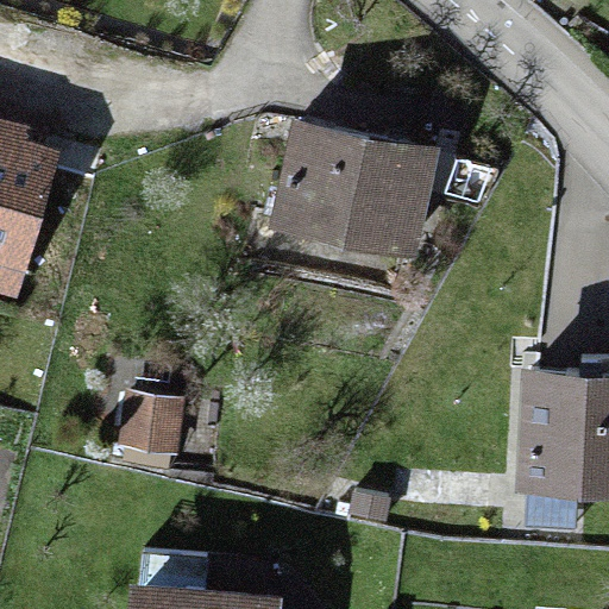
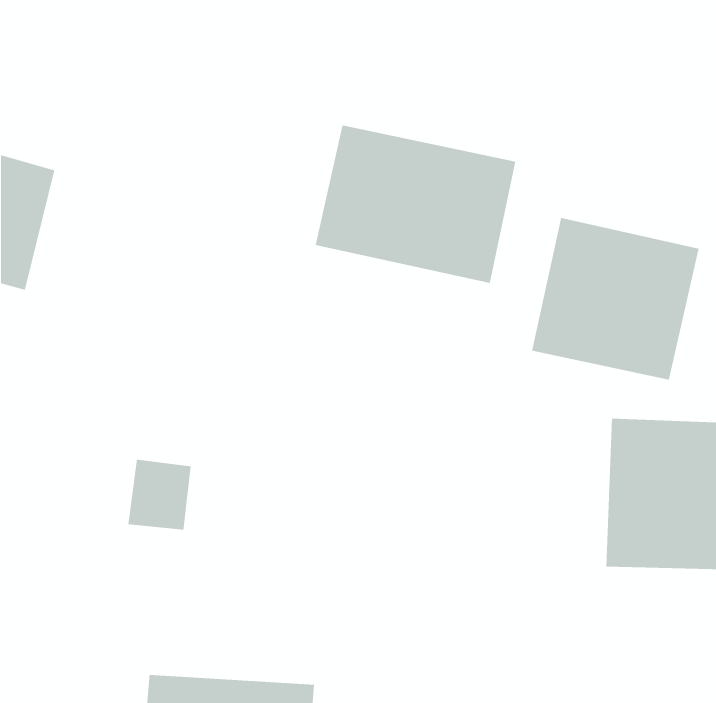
building: none -> [532,217,699,381]

